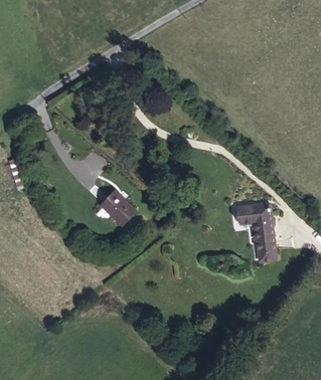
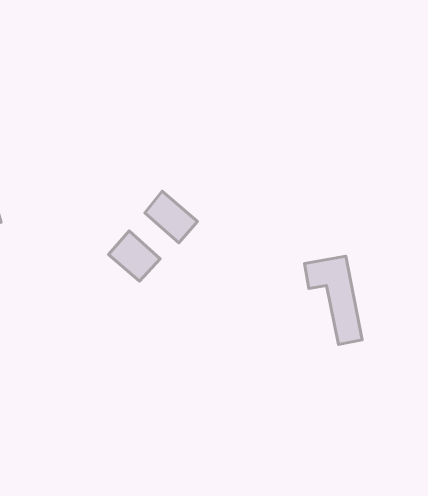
building: none -> [145,191,198,243]

